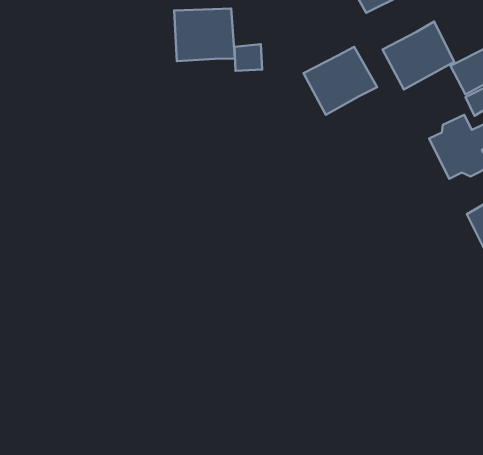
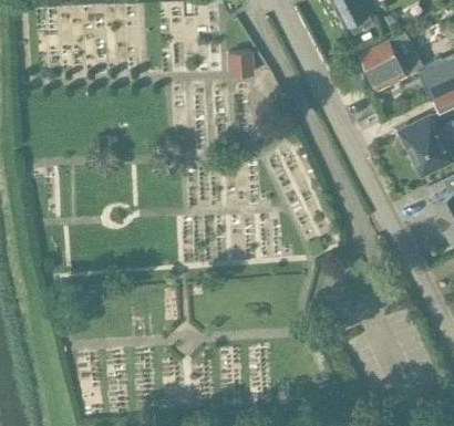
building: [174,8,235,61] -> none
building: [303,47,377,115] -> none

